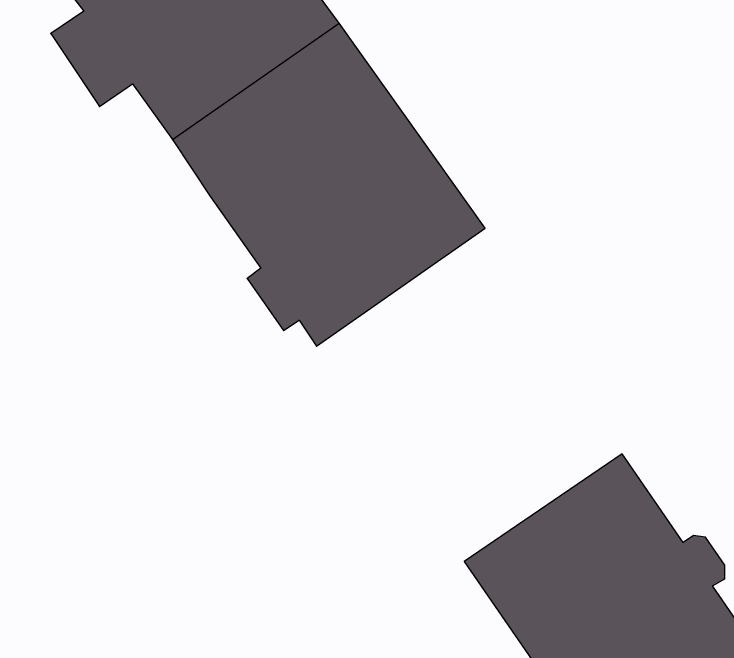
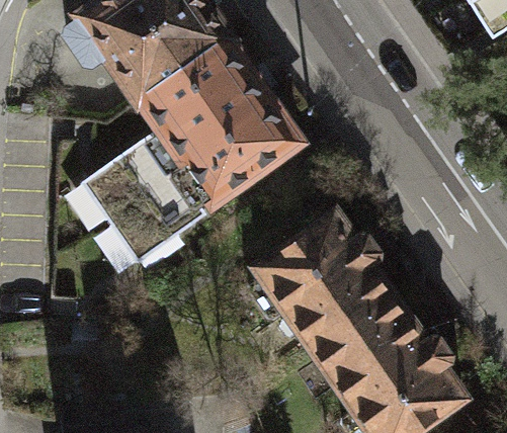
building: none -> [78,129,201,264]
building: none -> [244,203,391,342]

